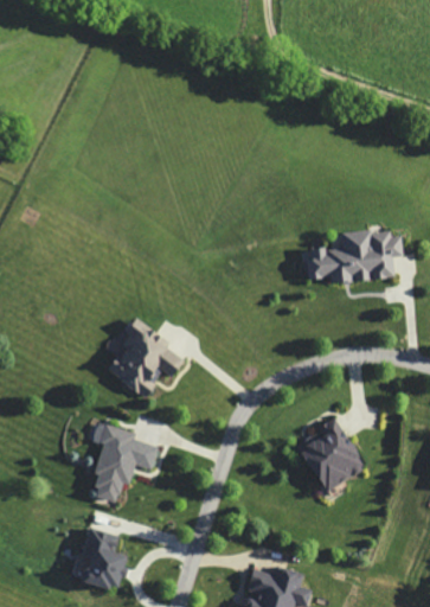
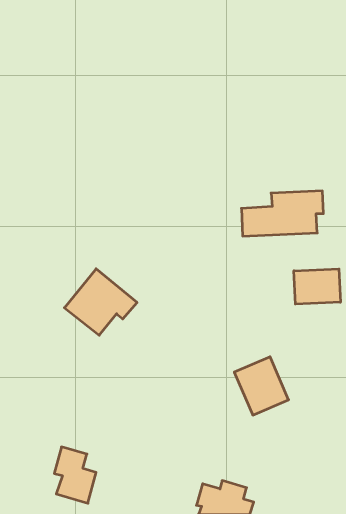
building: none -> [294,269,340,304]
building: [86,424,154,501] -> none

